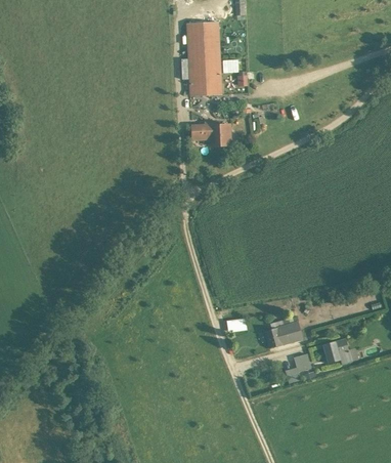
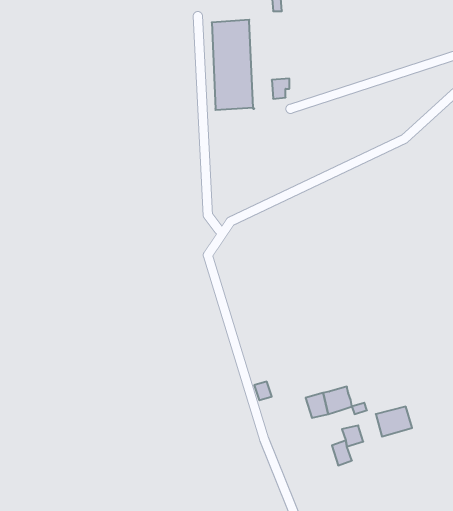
building: [192,122,229,145] -> none

